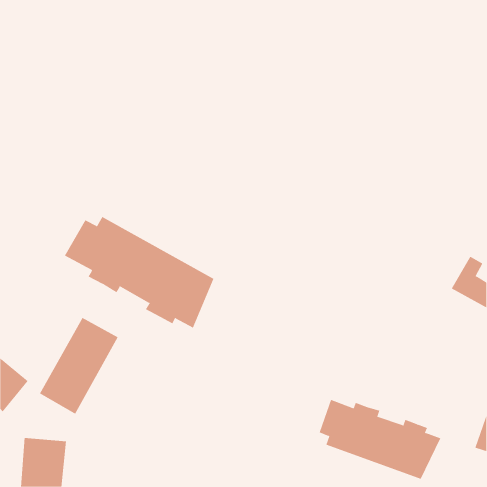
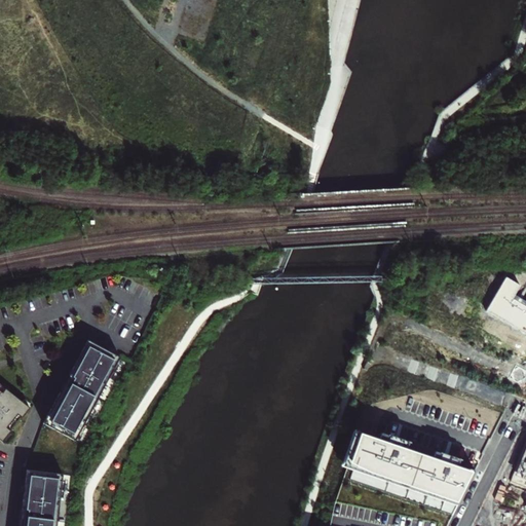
building: [64,216,214,329] -> none

